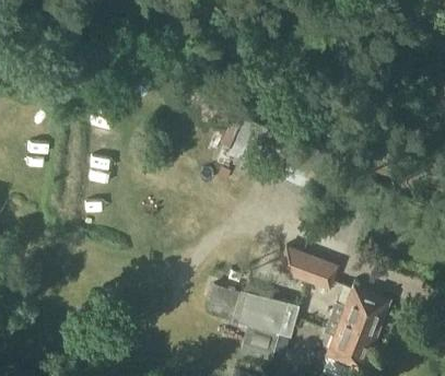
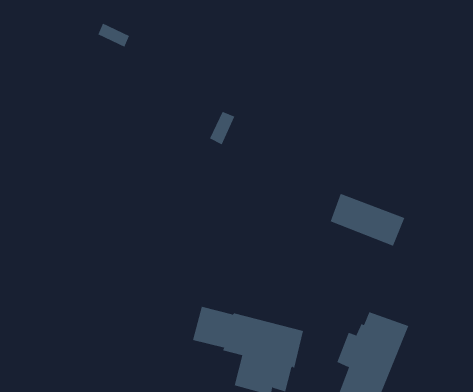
building: [277,245,340,290] -> [330,193,405,246]

